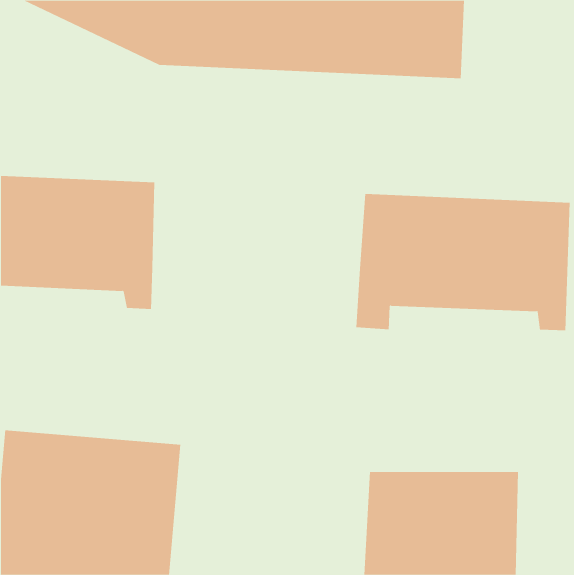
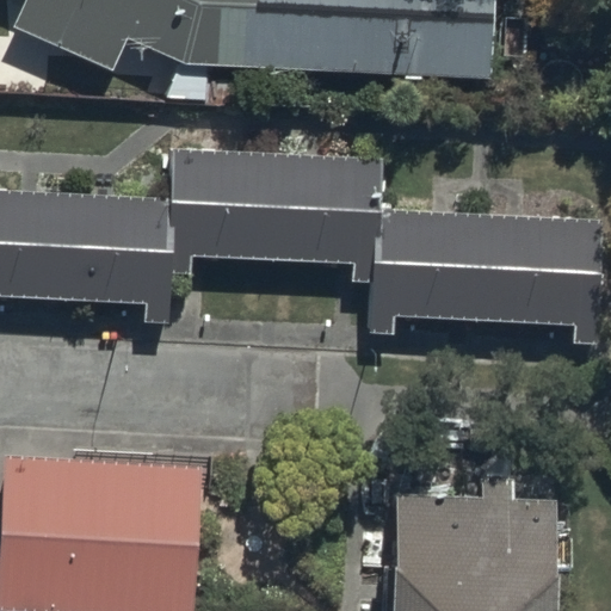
building: none -> [163,142,390,285]

